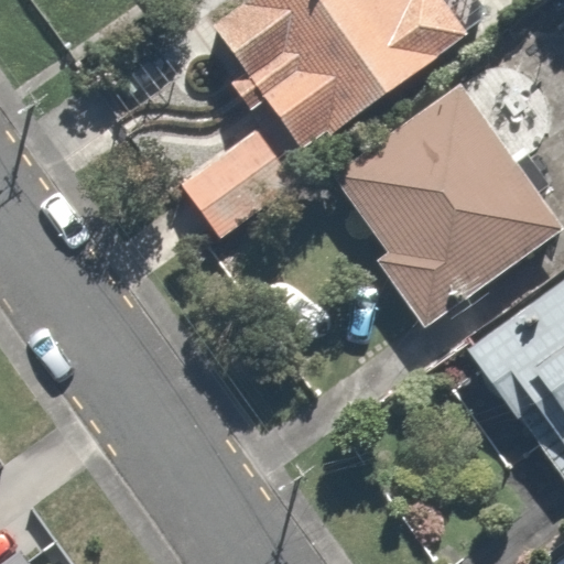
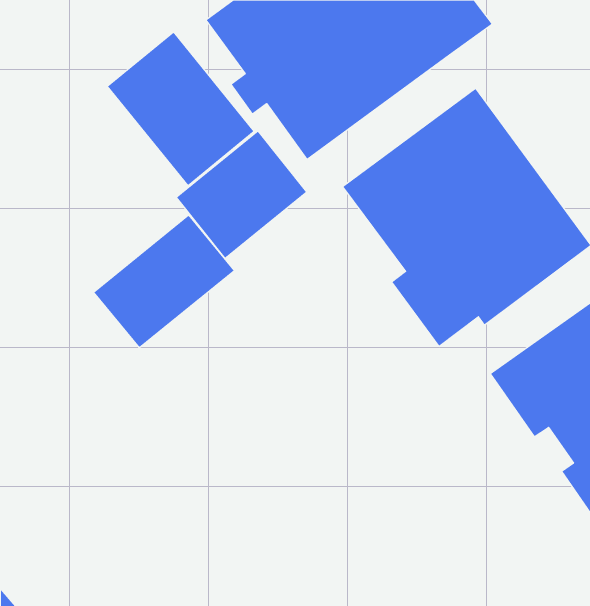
building: none -> [107,32,254,186]
building: none -> [94,215,234,348]

